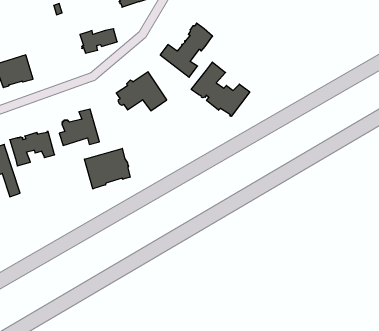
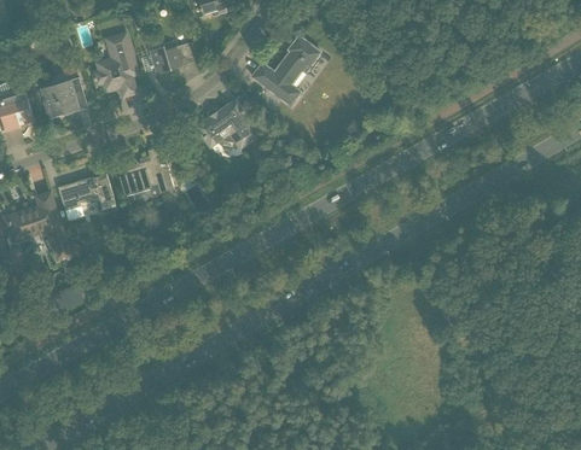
building: none -> [93,33,139,97]
building: [191,62,250,116] -> none
building: [84,148,130,189] -> none

